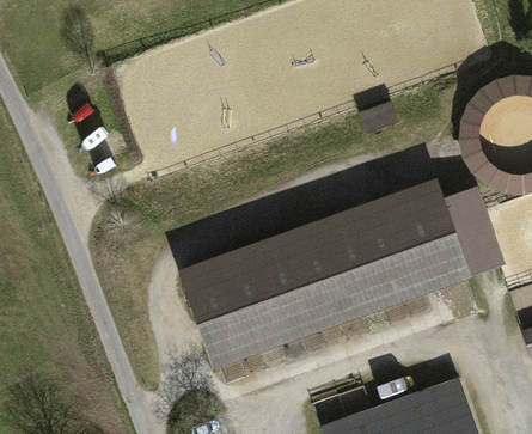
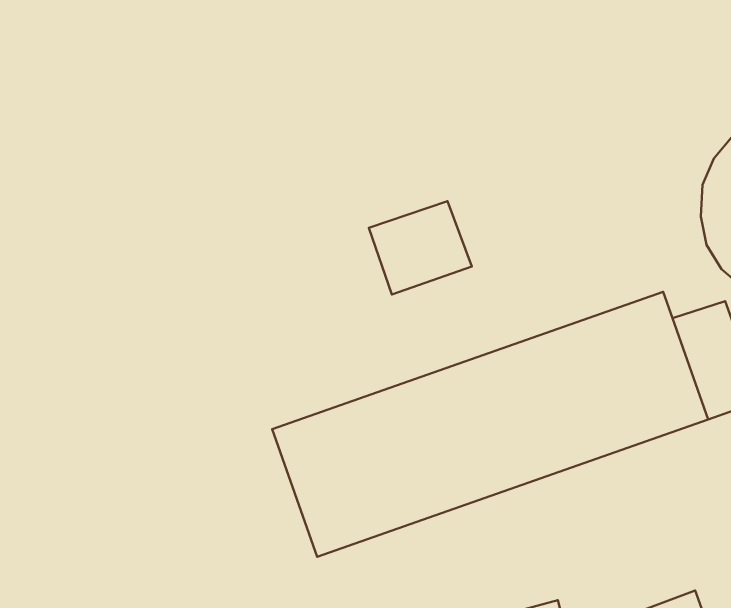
building: none -> [369,201,472,295]

